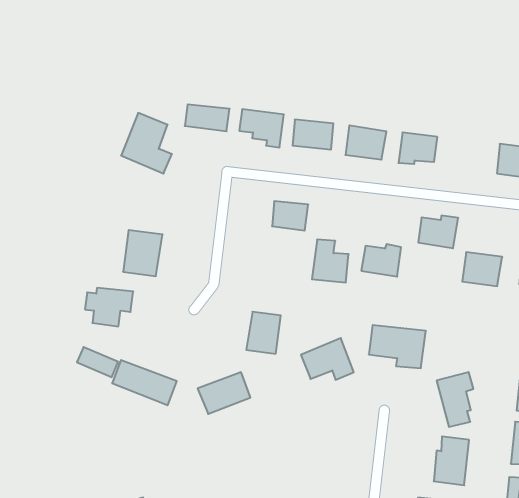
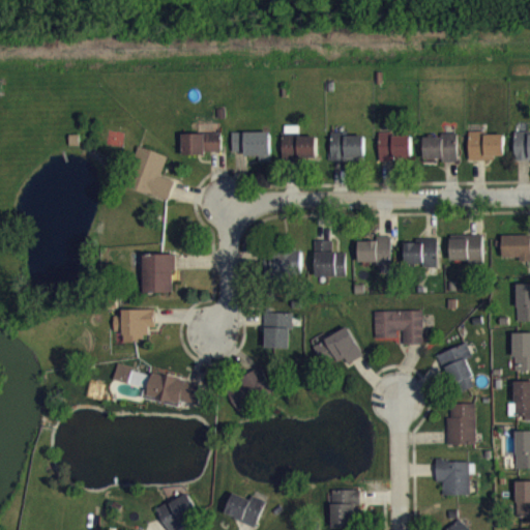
building: none -> [422,135,457,161]
building: [272,201,308,231] -> [270,251,301,274]
building: [418,216,458,248] -> [404,238,437,266]

